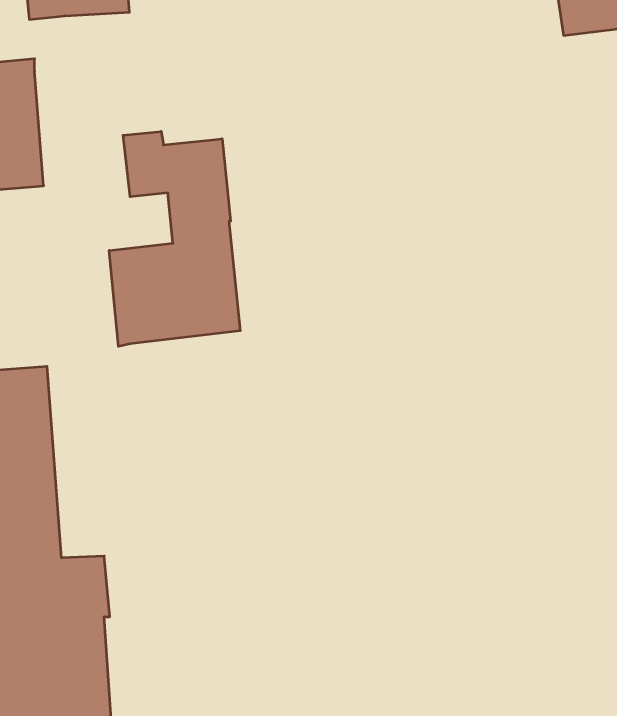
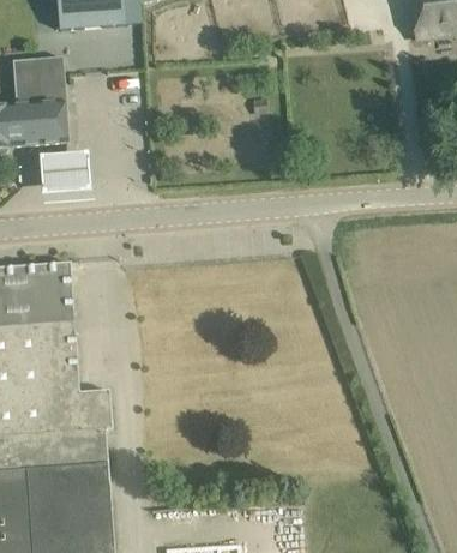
building: [109,131,240,346] -> none
building: none -> [43,150,89,185]

